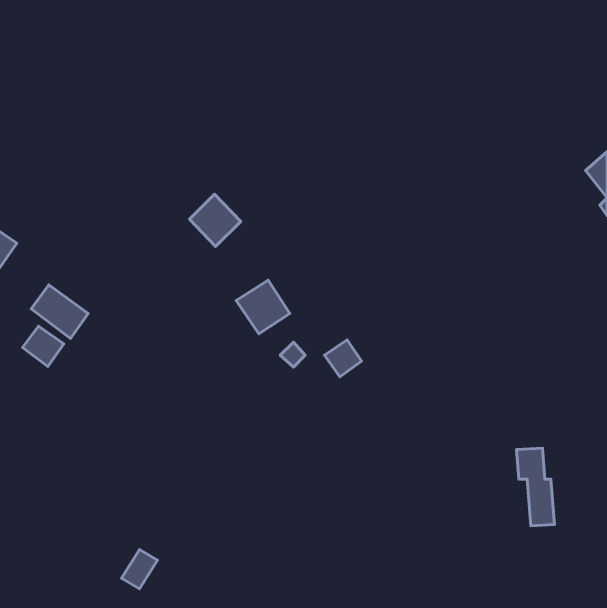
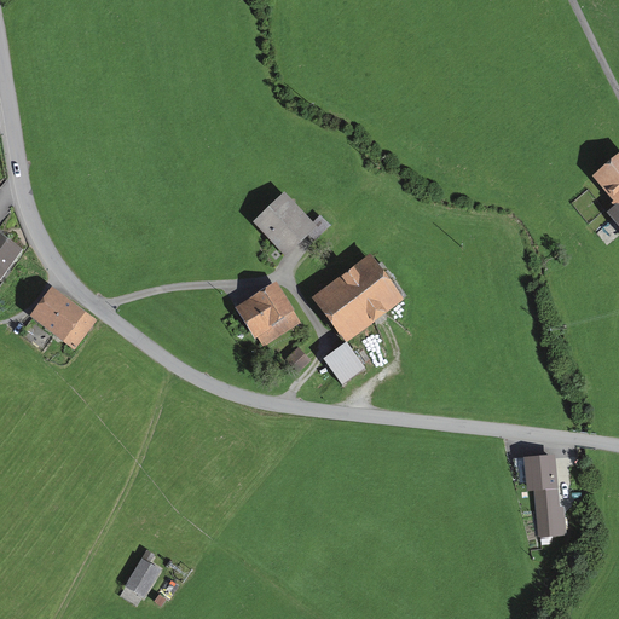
building: [189,194,241,247] -> [256,195,308,248]
building: none -> [322,259,404,337]
building: [22,326,64,367] -> none

